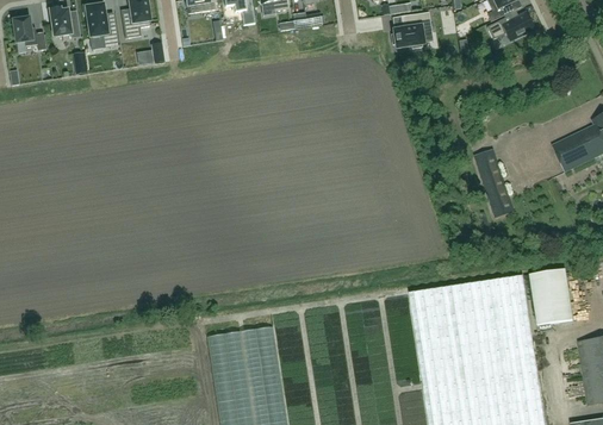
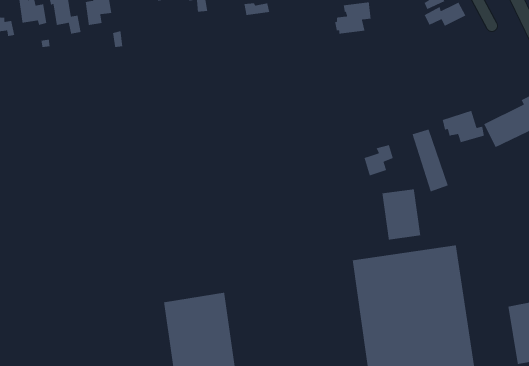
building: none -> [442,110,485,143]
building: none -> [363,144,394,176]
building: [530,268,573,324] -> [382,188,421,240]

